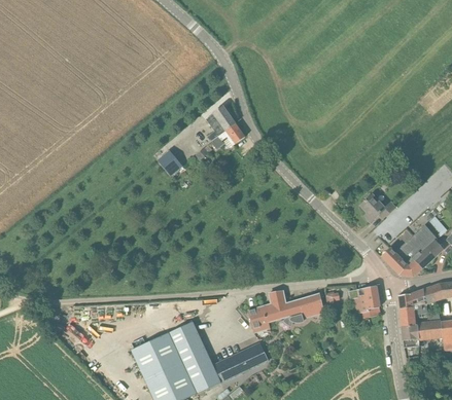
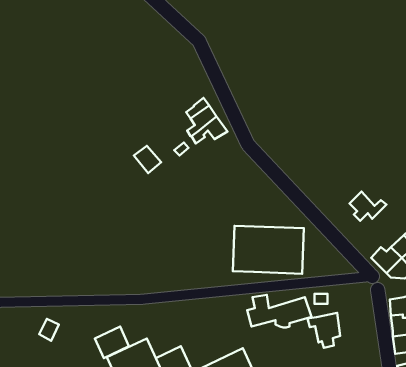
building: none -> [233,226,304,274]
building: [348,285,379,318] -> [308,313,340,348]
building: [247,305,270,331] -> none
building: [169,321,201,351] -> [95,326,129,358]

